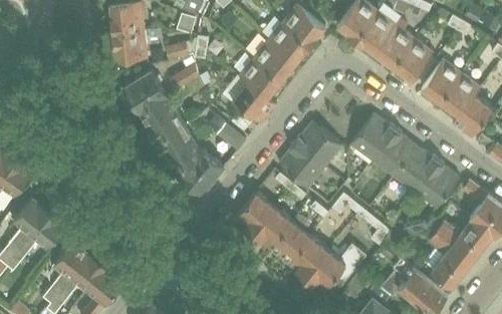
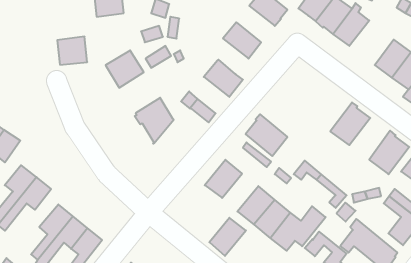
building: [269,23,311,63] -> none
building: [114,31,148,62] -> [57,37,87,65]
building: [394,39,434,81] -> none
building: [240,59,282,98] -> none
building: [140,96,185,141] -> none
building: [351,114,397,162] -> none
building: [295,122,342,168] -> none
building: [394,146,439,193] -> none
building: [178,148,225,196] -> none
building: [253,208,293,250] -> [209,218,246,256]

